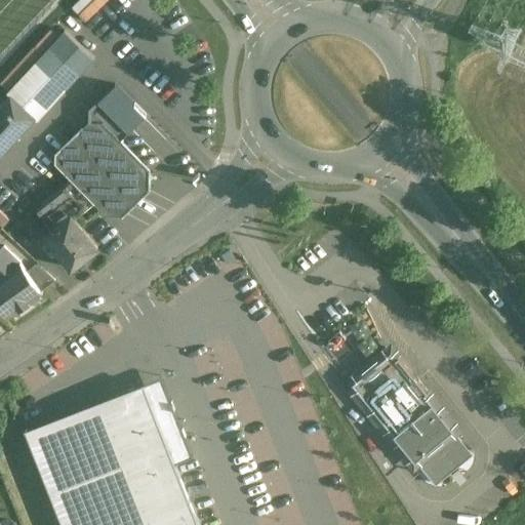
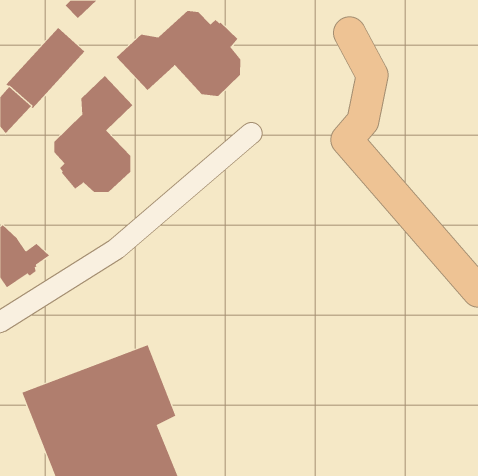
building: none -> [116,10,241,97]
building: [40,185,96,271] -> none
building: [352,352,469,488] -> none

